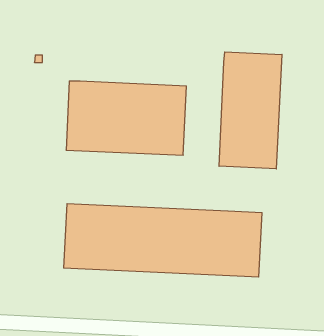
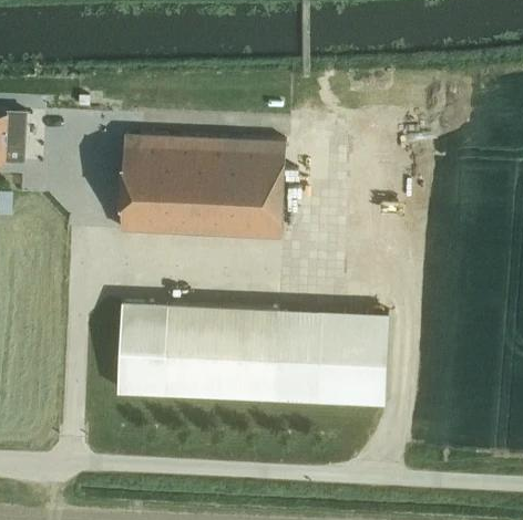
building: [219,52,282,169] -> none

